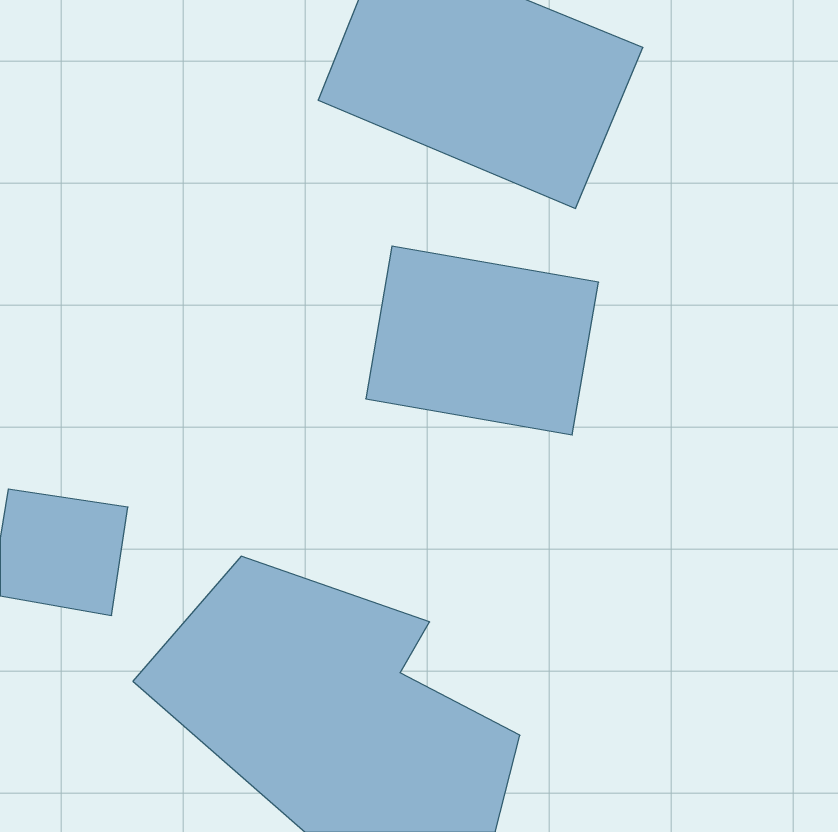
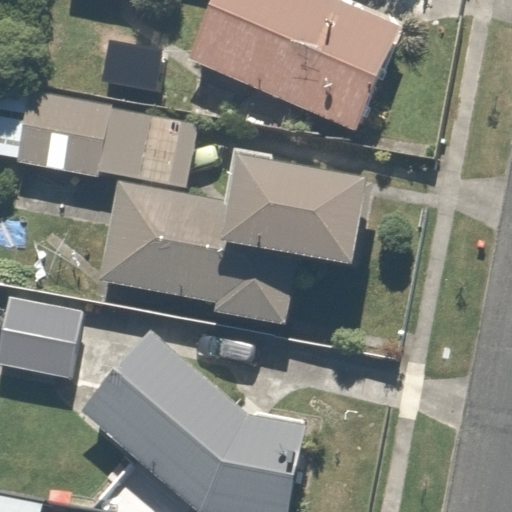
building: none -> [15,95,182,182]
building: none -> [95,184,294,320]

